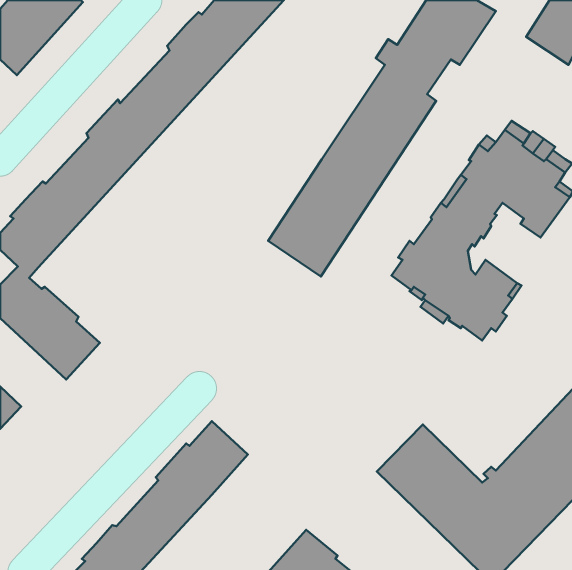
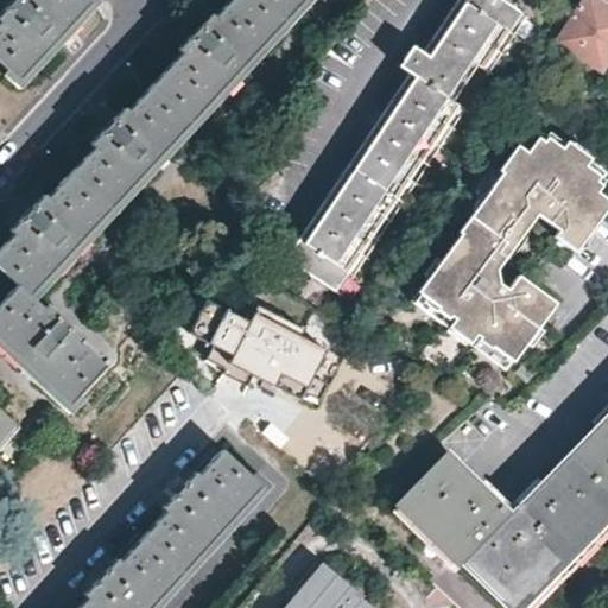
building: none -> [191,300,327,398]

